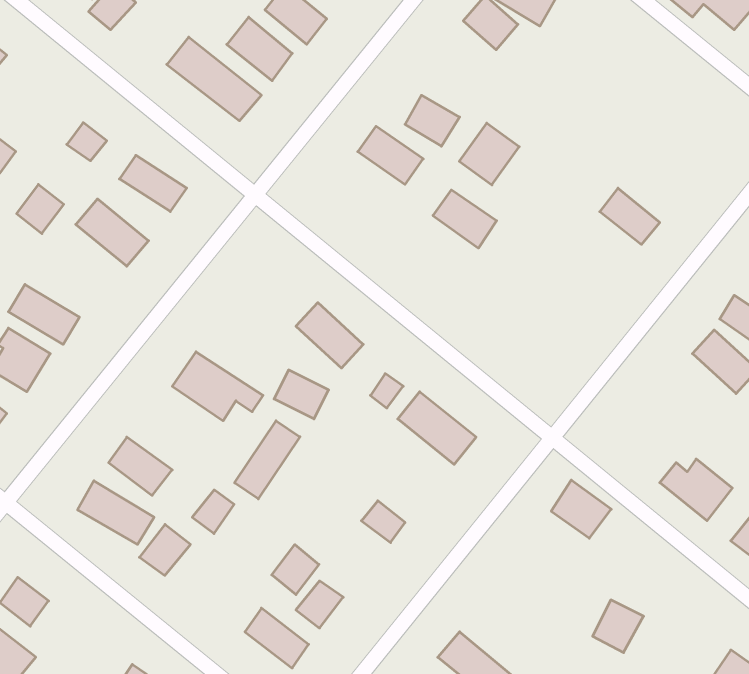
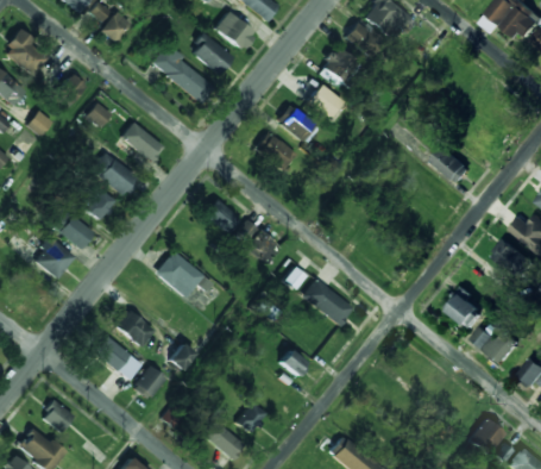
building: [459,123,519,185] -> [319,48,358,88]
building: [17,184,64,234] -> [84,188,115,220]
building: [433,190,497,248] -> [254,132,296,170]
building: [274,370,329,419] -> [203,200,239,232]
building: [235,421,300,499] -> none
building: [551,480,611,538] -> [448,288,487,326]
building: [272,545,319,595] -> none
building: [593,600,644,653] -> [471,419,504,454]

